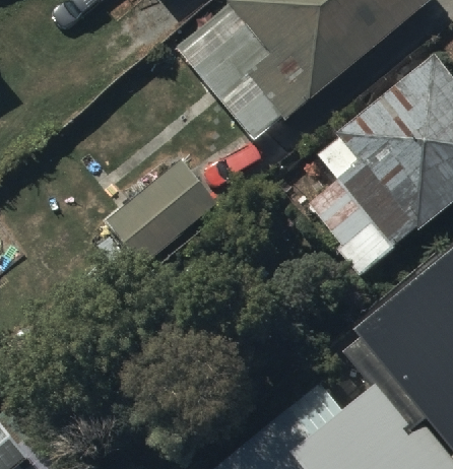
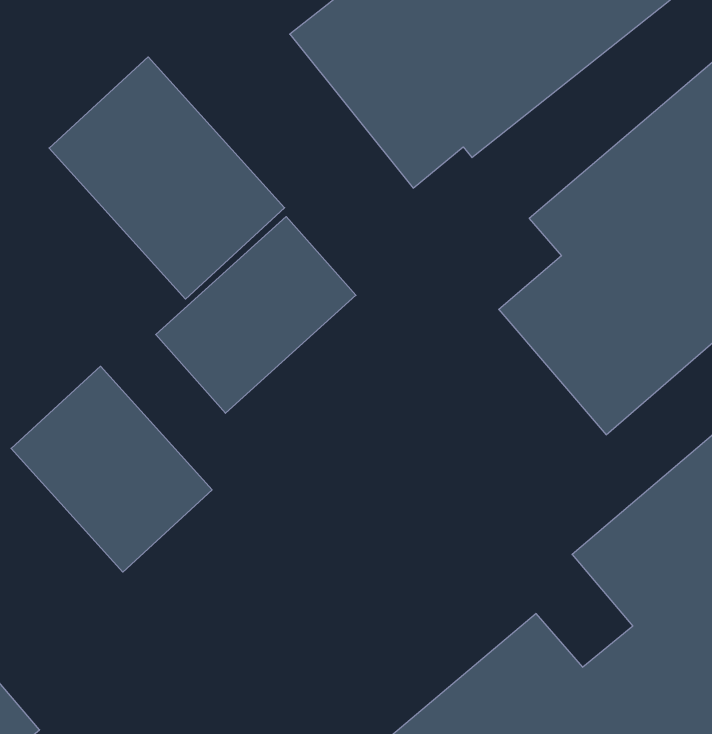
building: none -> [49,57,285,299]
building: none -> [11,366,212,572]

